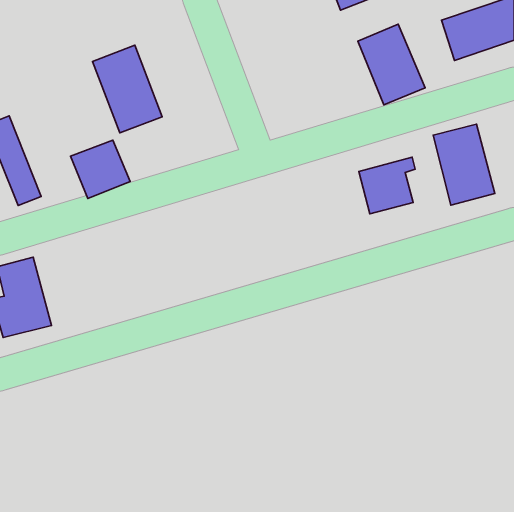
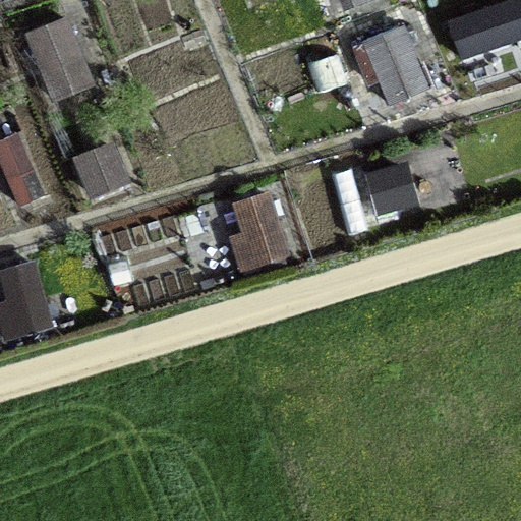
building: [93,45,162,133] -> [25,16,96,105]
building: [433,124,495,205] -> none
building: none -> [227,190,290,272]

